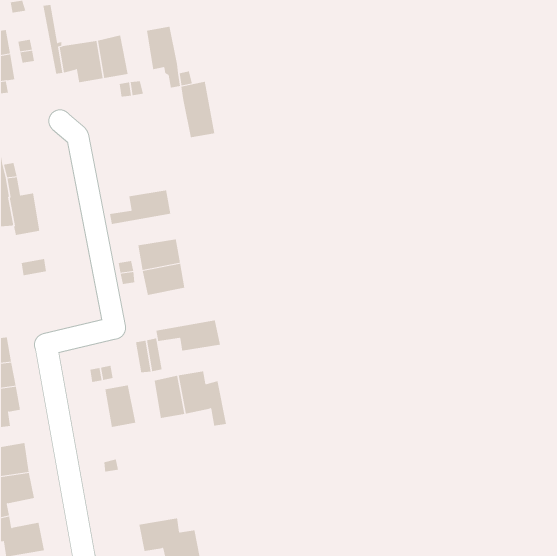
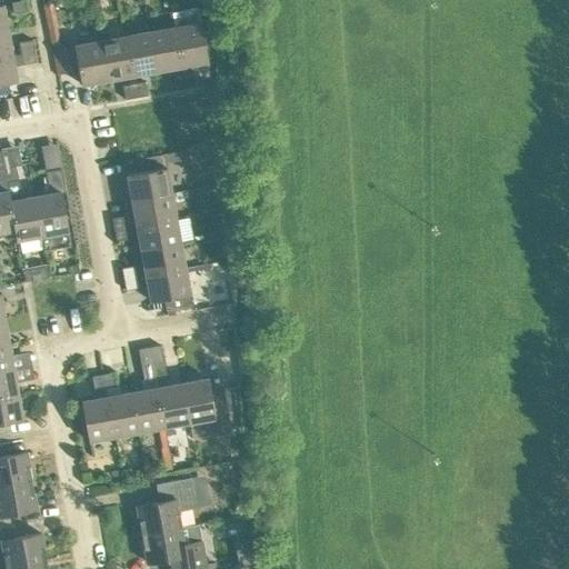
building: none -> [123,32,156,77]
building: [180,81,215,138] -> [171,9,207,67]
building: none -> [127,154,170,201]
building: none -> [34,170,70,250]
building: [155,320,221,351] -> [113,219,180,251]
building: none -> [131,389,163,432]
building: none -> [81,398,113,441]
building: none -> [136,478,199,536]

